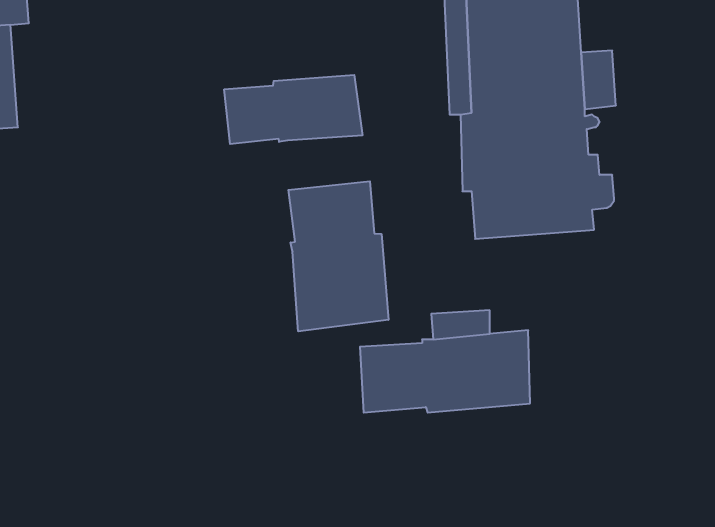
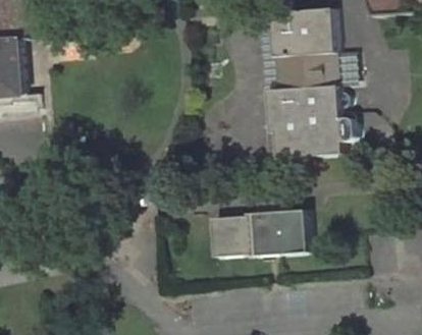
building: [224,75,362,144] -> none
building: [288,181,388,331] -> none

